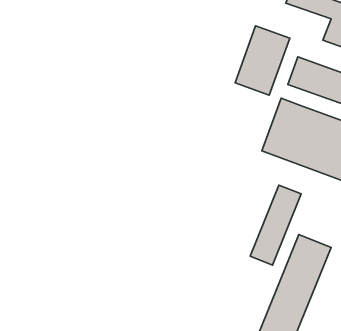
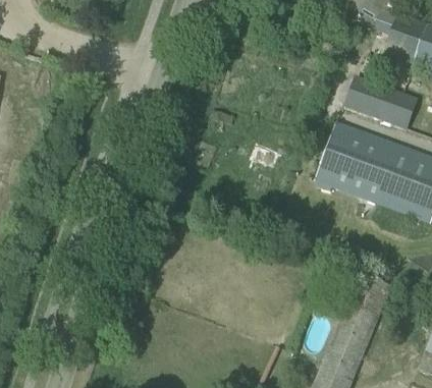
building: [235,26,290,95] -> none
building: [250,185,301,265] -> none

